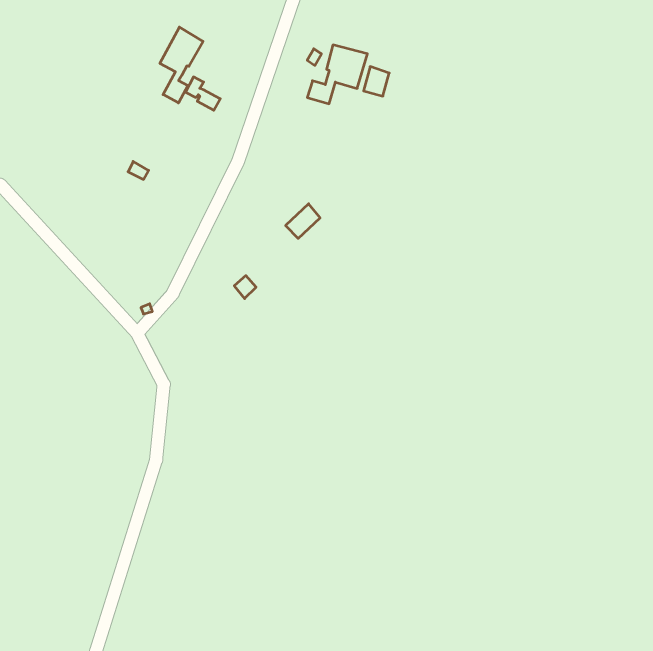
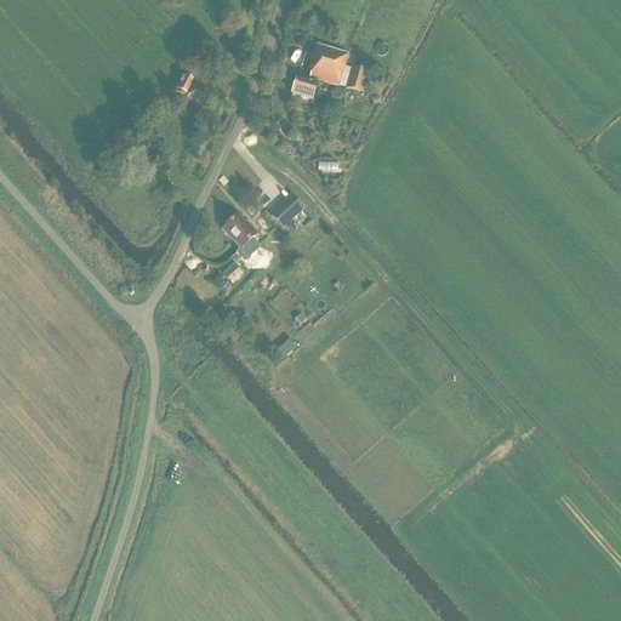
building: [160,27,203,103] -> none
building: none -> [222,212,258,249]

